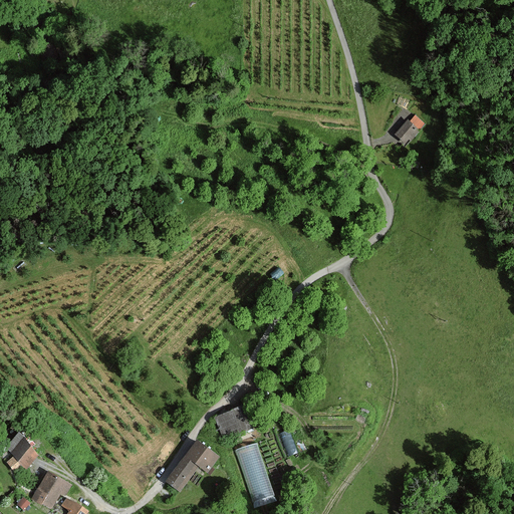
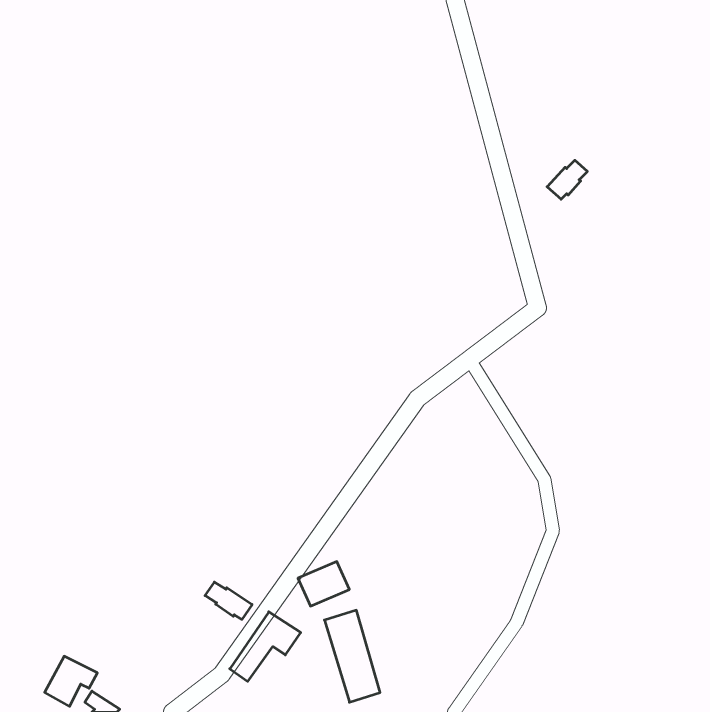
building: none -> [205,582,252,619]
building: [4,434,35,465] -> none

